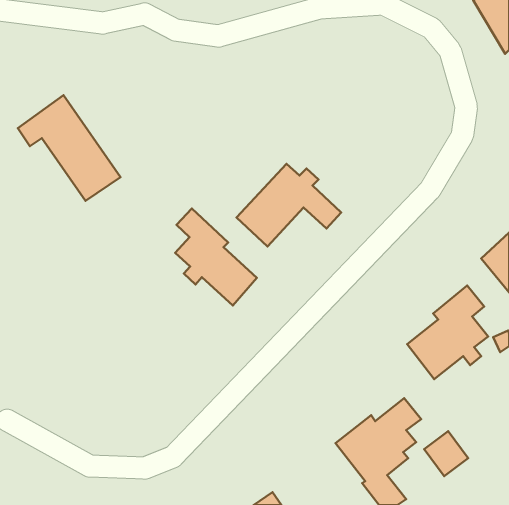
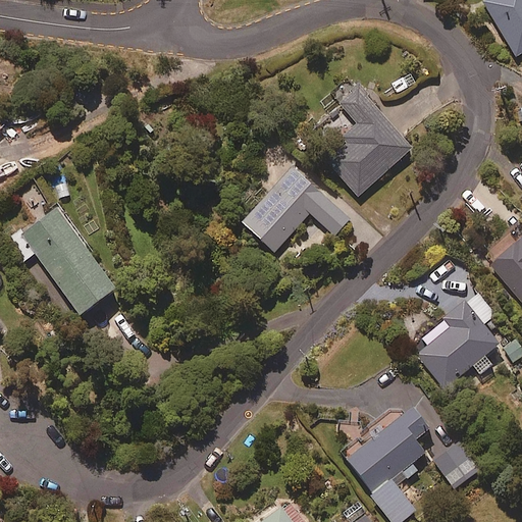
building: none -> [327,91,411,196]
building: [18,95,121,201] -> [10,207,115,315]
building: [175,208,257,306] -> none

